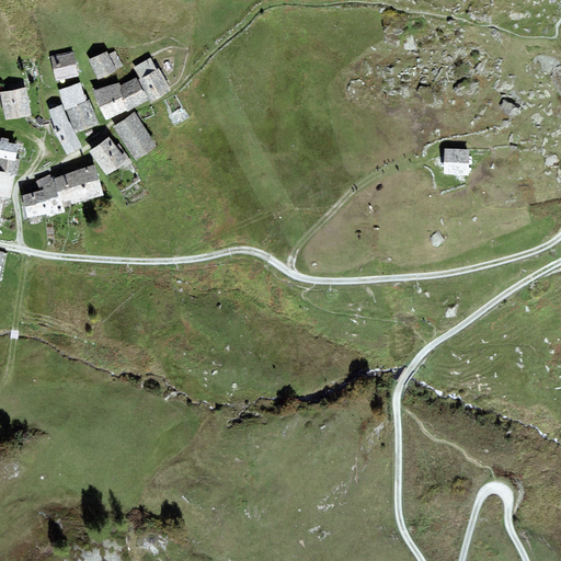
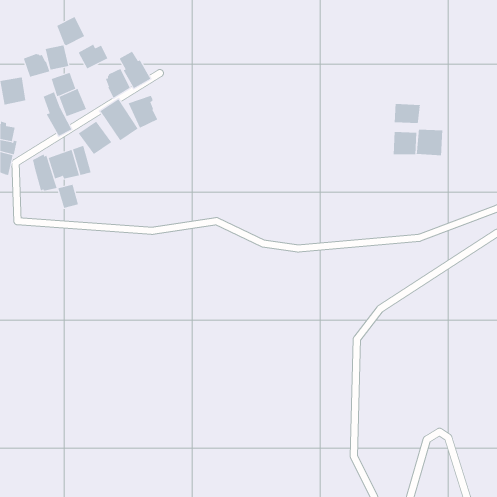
building: none -> [57,16,85,46]
building: none -> [23,53,50,77]
building: [92,81,126,118] -> [128,95,158,128]
building: none -> [394,103,420,124]
building: none -> [416,129,443,156]
building: [21,190,45,217] -> [57,184,79,209]

